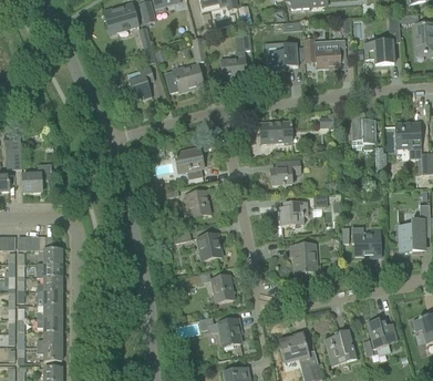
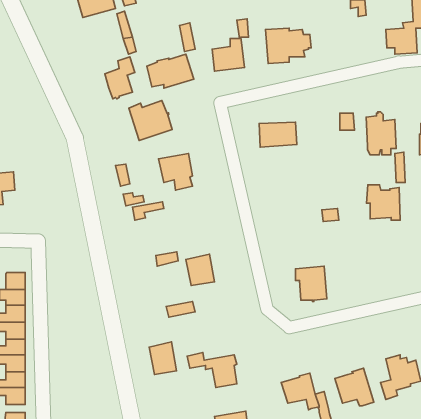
building: [302,37,346,68] -> none
building: none -> [129,101,172,140]
building: [270,159,300,185] -> none
building: [183,190,210,217] -> none
building: [279,202,307,225] -> none
building: [351,226,380,256] -> [366,185,400,220]
building: [210,274,234,301] -> [149,342,177,375]

